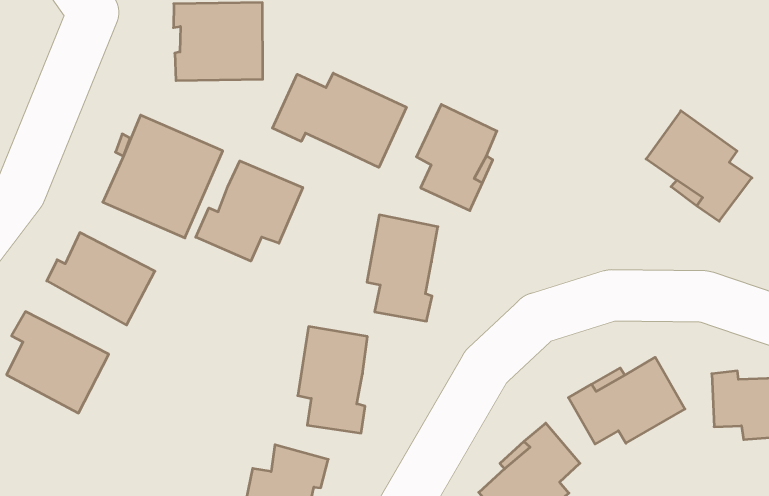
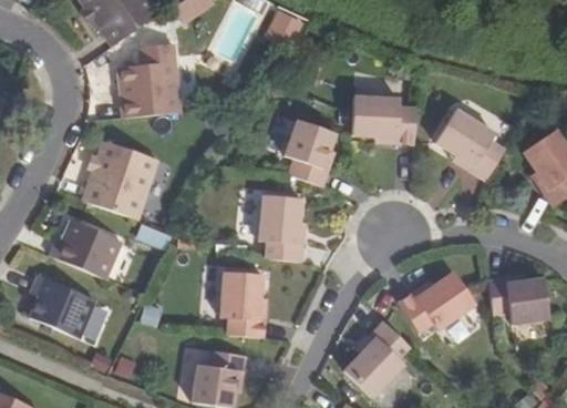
building: [272,73,406,167] -> none
building: none -> [351,96,415,143]
building: [196,161,303,261] -> none

